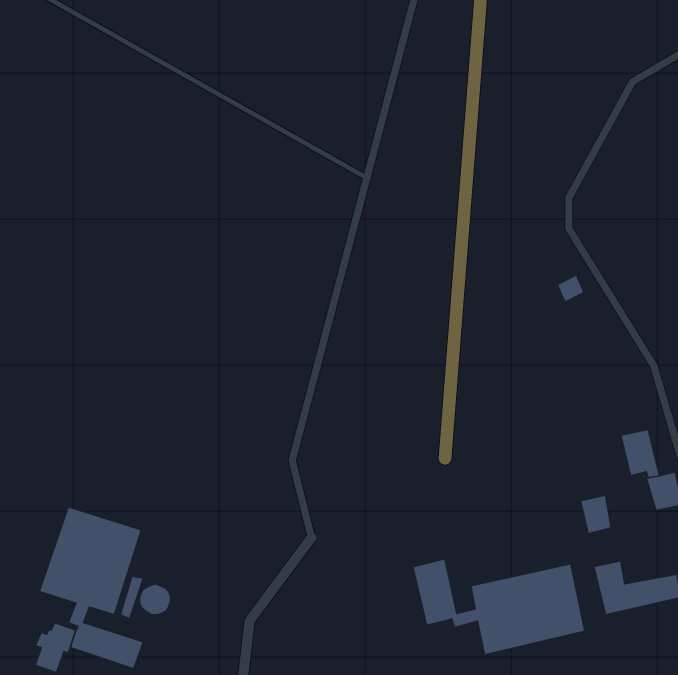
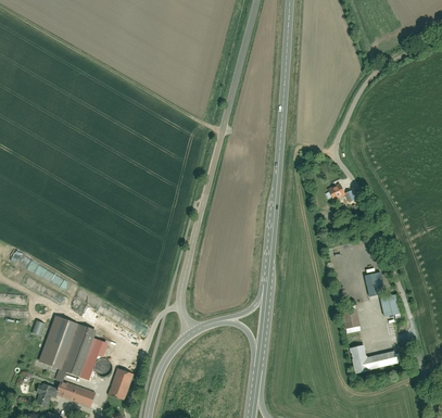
building: [413,559,585,655] -> none
building: none -> [108,368,134,400]

